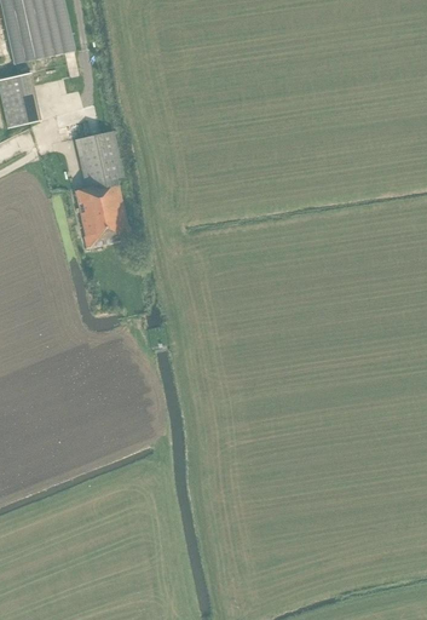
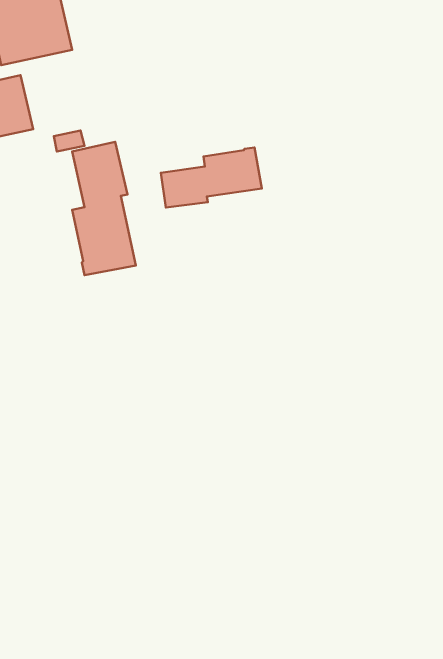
building: none -> [161,147,262,208]

